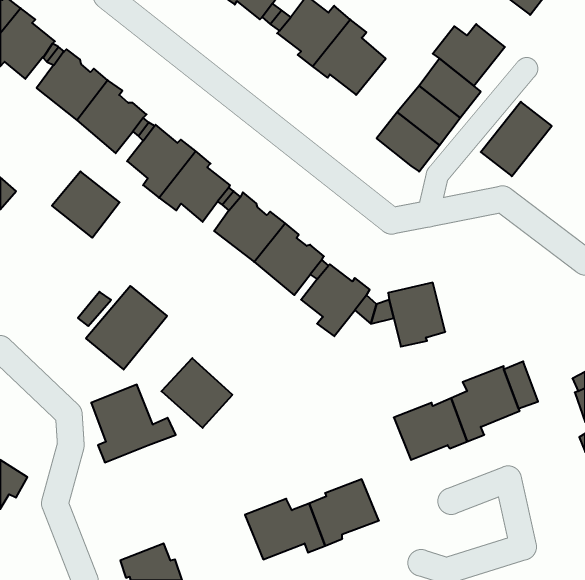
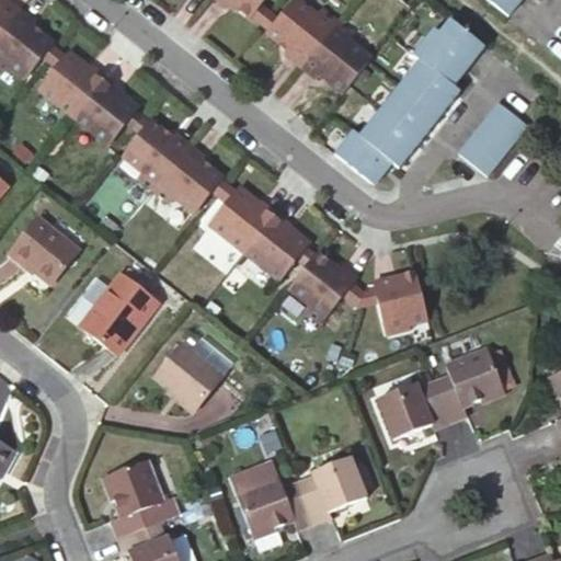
building: none -> [334,128,393,181]
building: [52,171,120,238] -> [16,218,81,282]
building: [91,385,176,462] -> [102,462,183,537]

